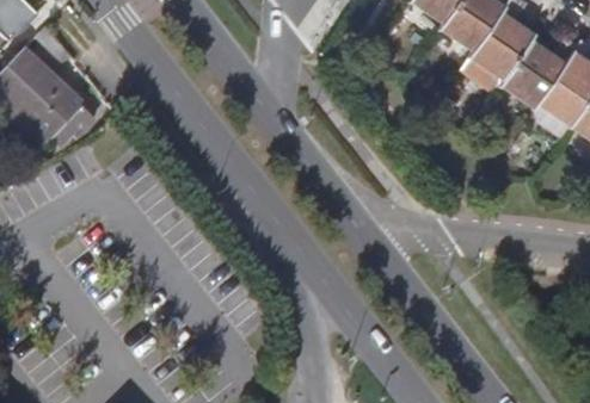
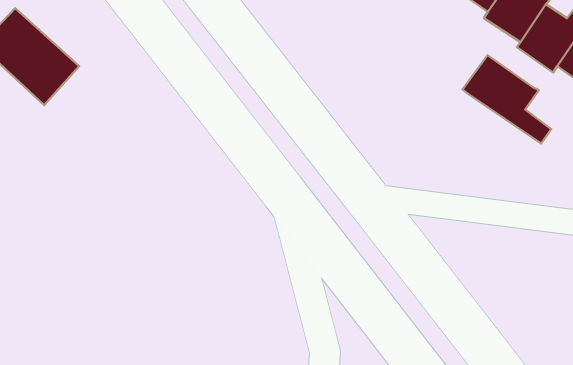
building: none -> [462,55,551,144]

